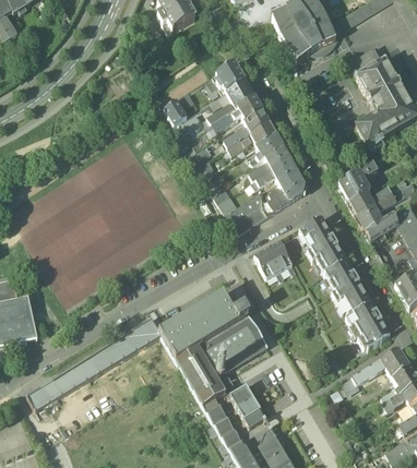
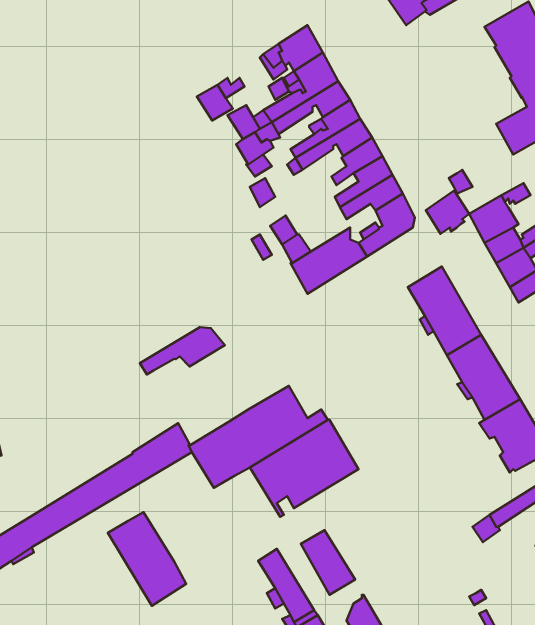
building: none -> [426,190,469,234]
building: [255,240,294,277] -> none
building: none -> [140,327,225,375]
building: [176,345,226,405] -> [108,512,186,606]

